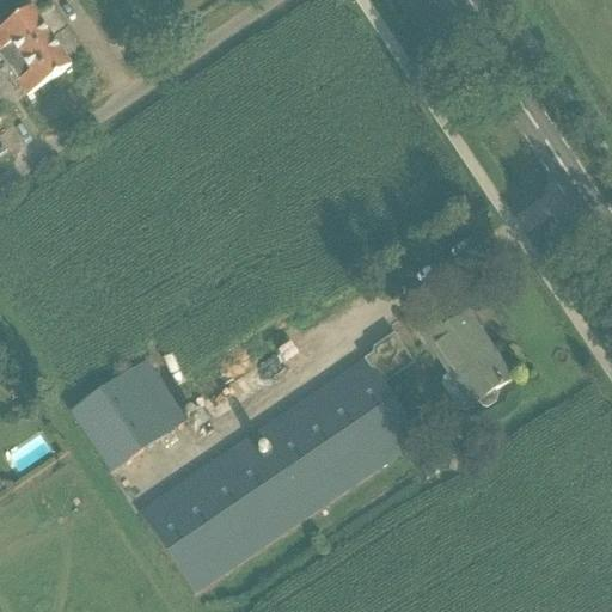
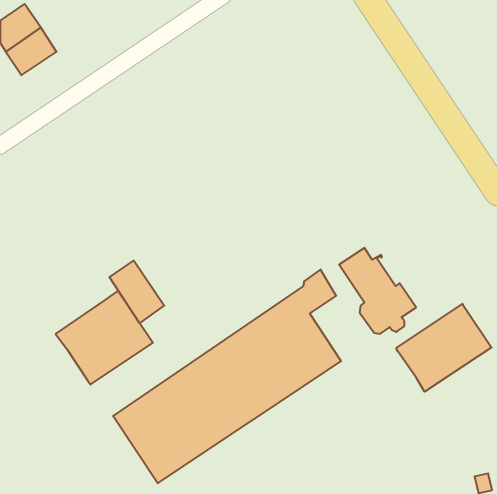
building: none -> [109,261,164,323]
building: none -> [396,304,492,392]

